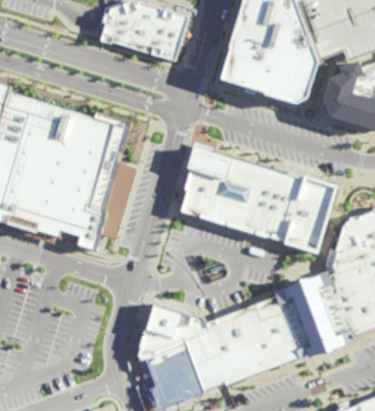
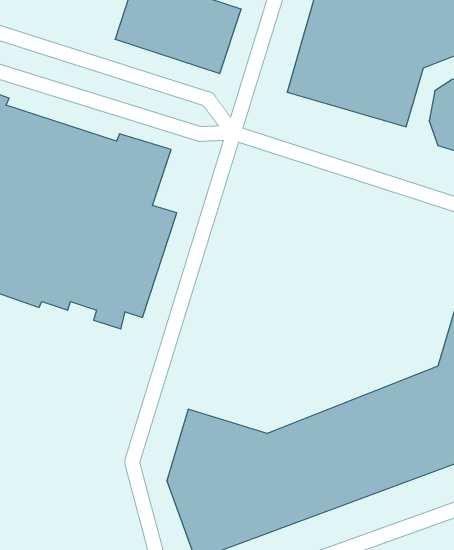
building: [181,144,332,250] -> none

